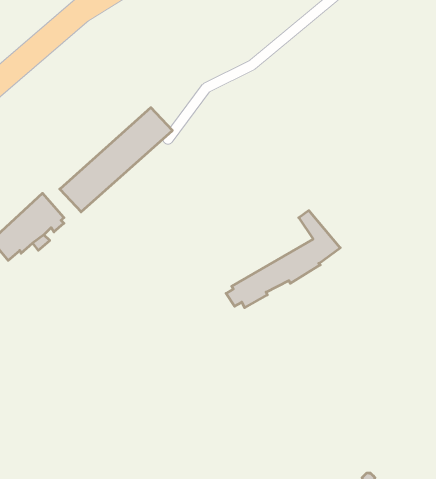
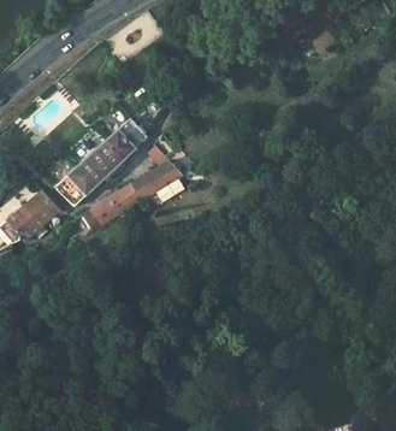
building: [226,211,340,308] -> [85,143,182,225]

